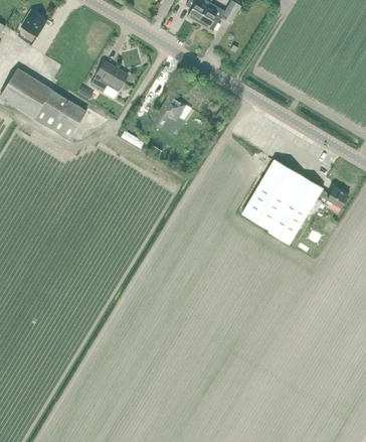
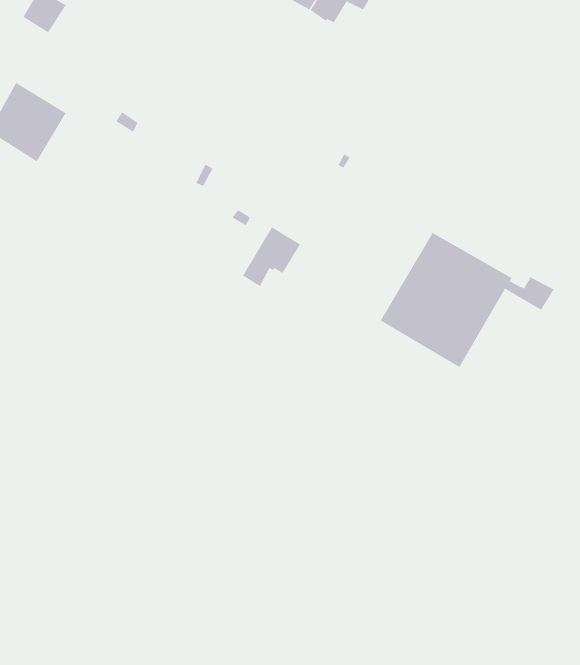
building: [90,63,127,100] -> none
building: [30,87,87,140] -> none
building: [151,93,187,130] -> [242,226,301,287]

